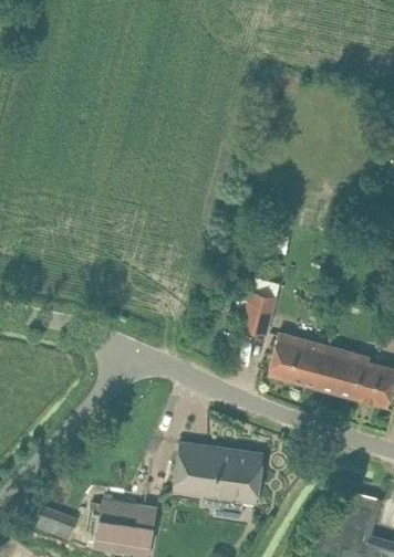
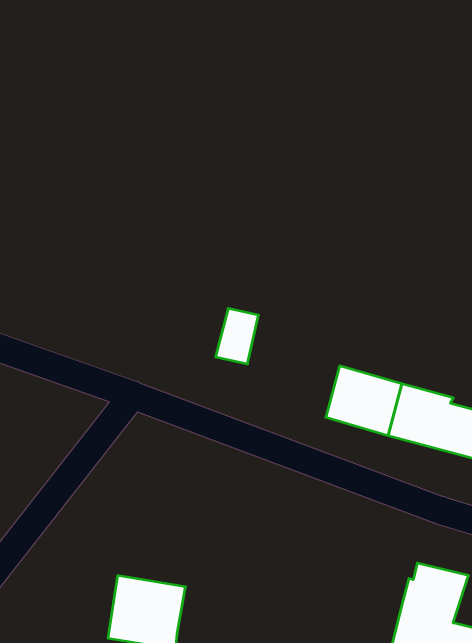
building: [240,290,274,334] -> [216,308,259,364]
building: [173,443,262,502] -> none
building: [31,505,76,539] -> none

